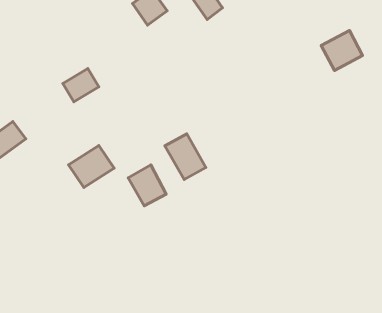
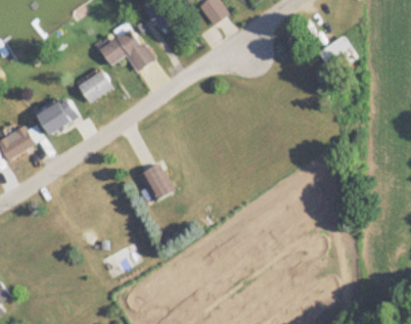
building: none -> [98,28,152,73]
building: [165,134,206,179] -> none
building: [68,145,114,188] -> [36,94,79,134]

